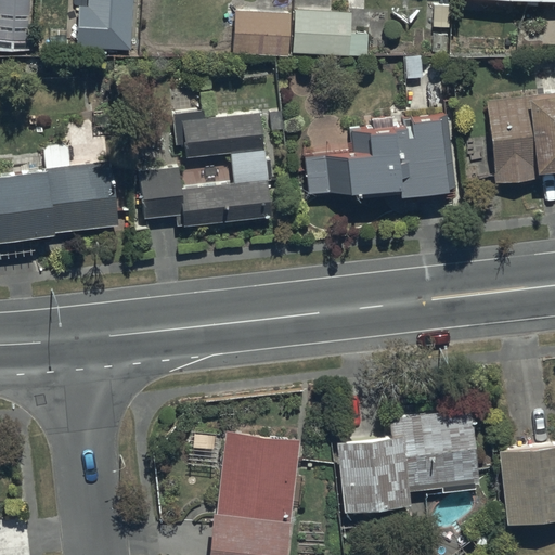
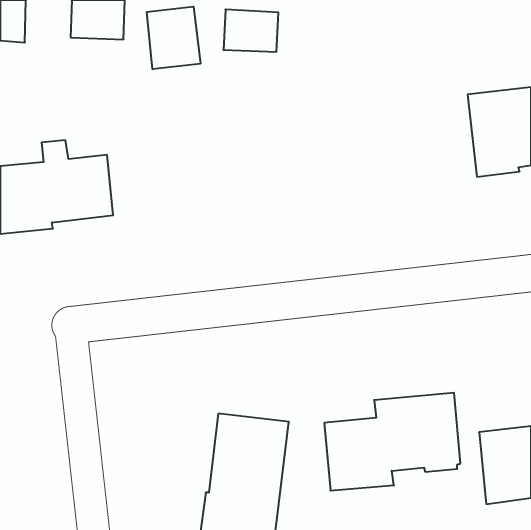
building: none -> [147,7,200,69]
building: [295,10,367,56] -> none
building: [138,109,270,228] -> none
building: [301,120,456,199] -> none

